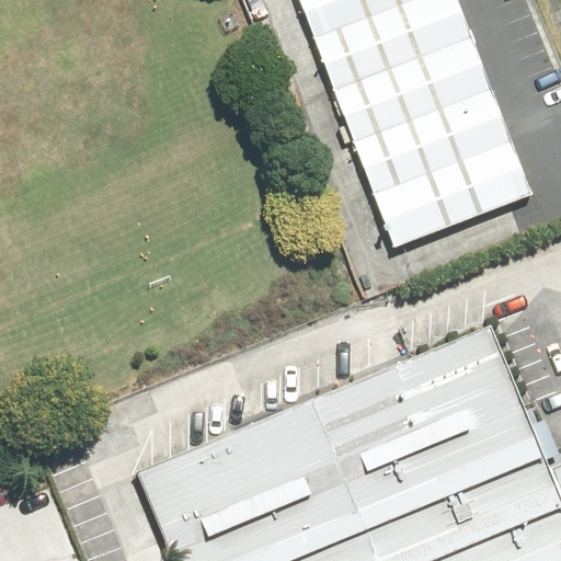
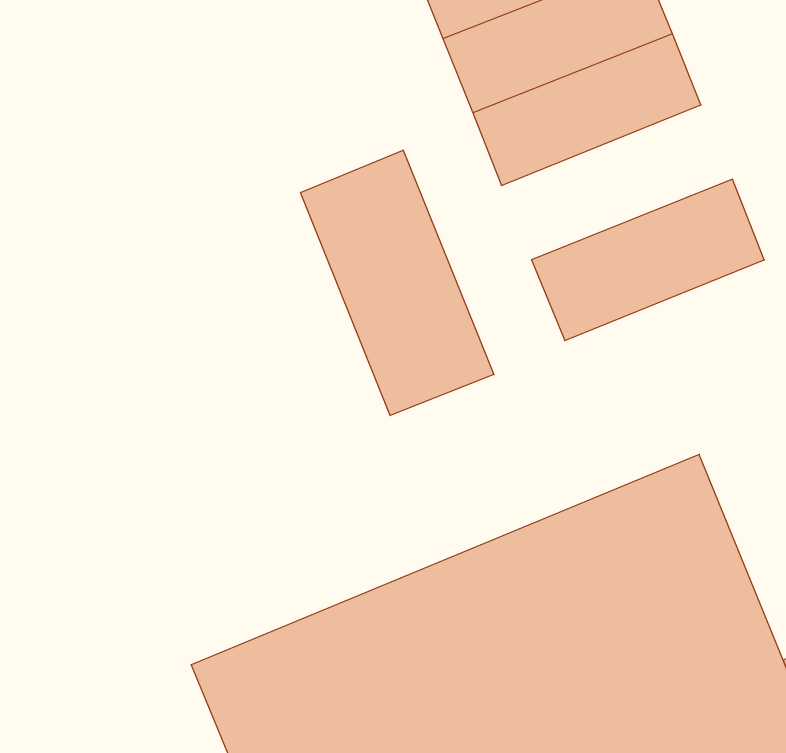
building: [353,84,513,192] -> none
building: none -> [301,150,494,416]

